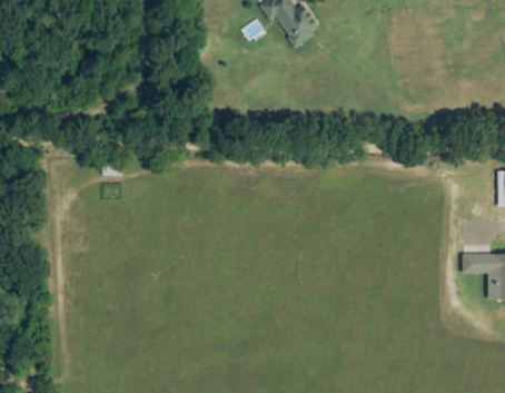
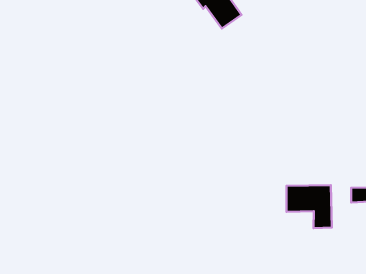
building: none -> [287,185,332,228]

